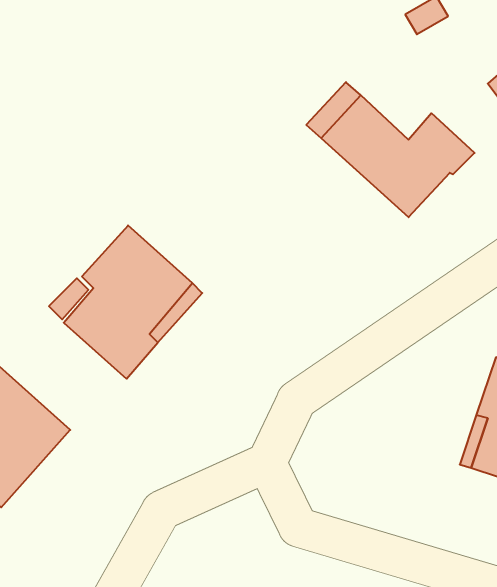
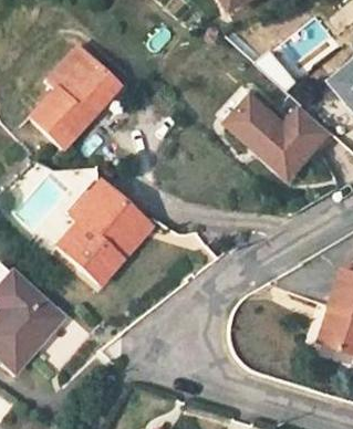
building: none -> [31,48,116,149]

